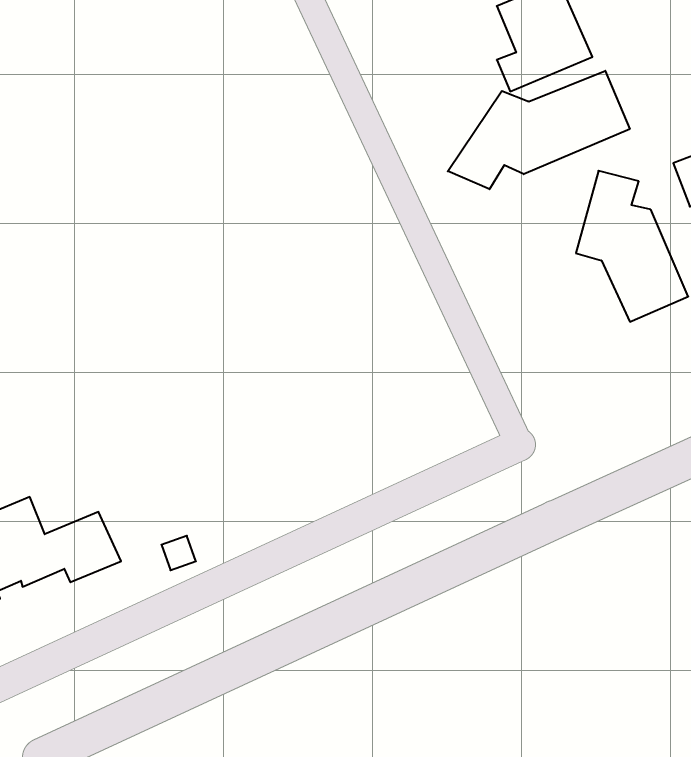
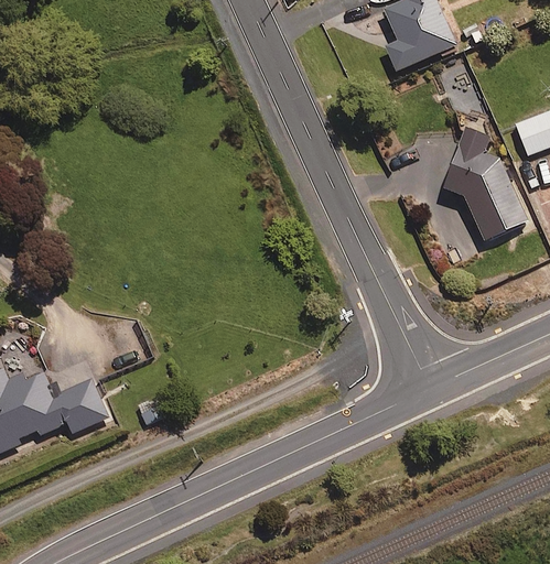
building: [448,71,630,189] -> none

